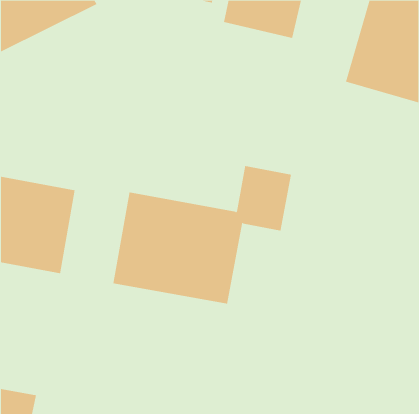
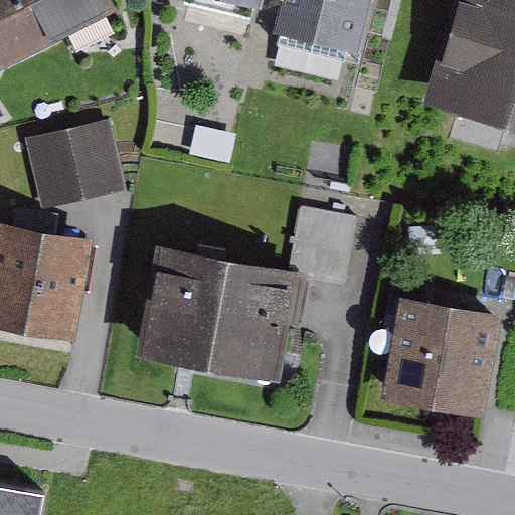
building: none -> [25,122,125,212]
building: none -> [381,297,502,418]

